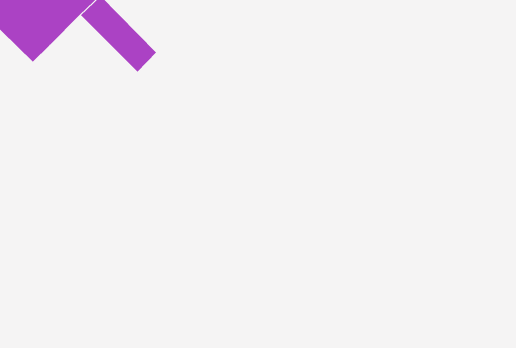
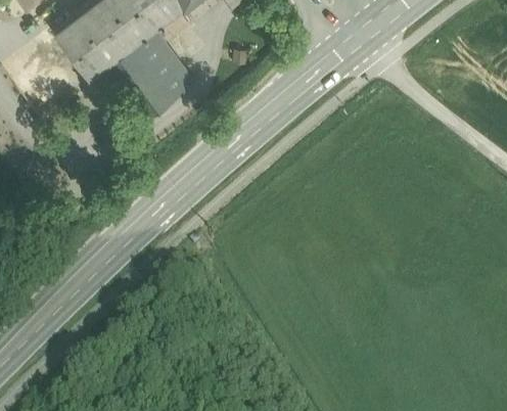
building: none -> [108,43,178,119]

